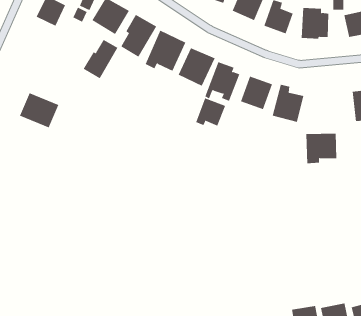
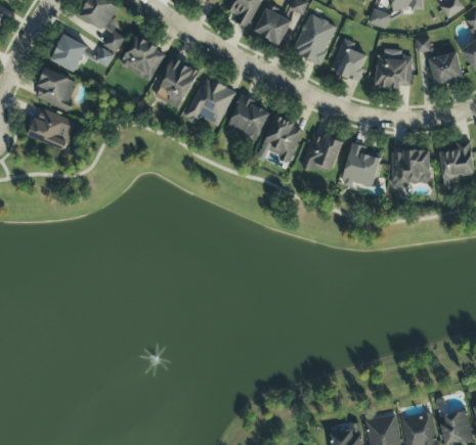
building: none -> [35,69,77,109]
building: [83,39,118,79] -> none
building: [19,92,59,128] -> [27,106,76,150]
building: [195,97,226,126] -> none
building: [306,133,337,164] -> [391,149,430,187]

